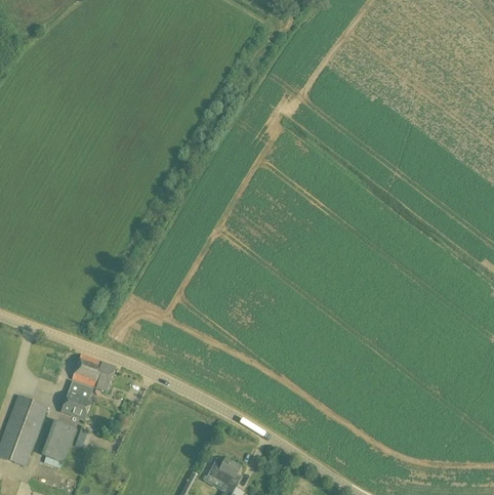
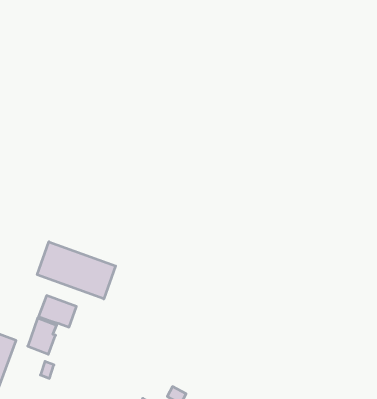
building: none -> [37,242,116,299]
building: [41,419,76,462] -> none

